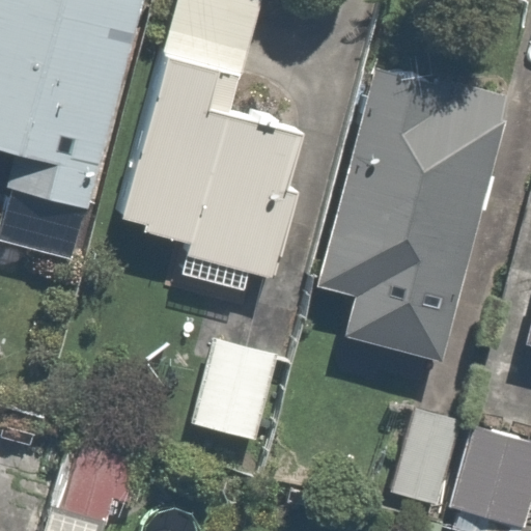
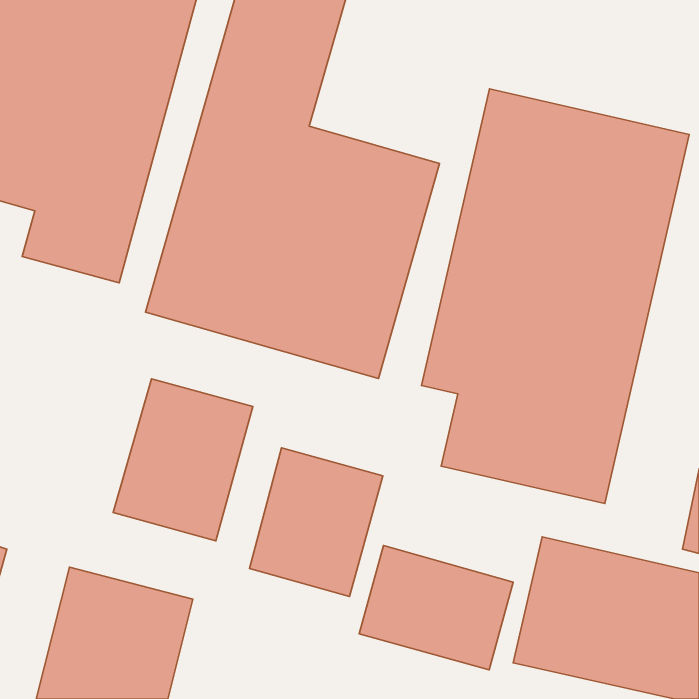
building: none -> [113,379,253,541]
building: none -> [359,545,513,670]

